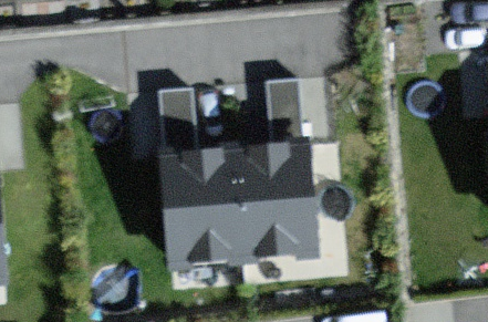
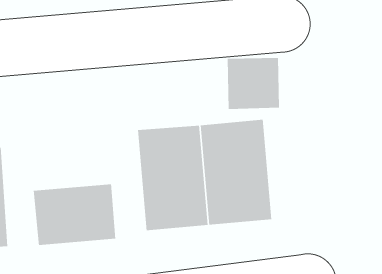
building: none -> [33,184,116,246]

